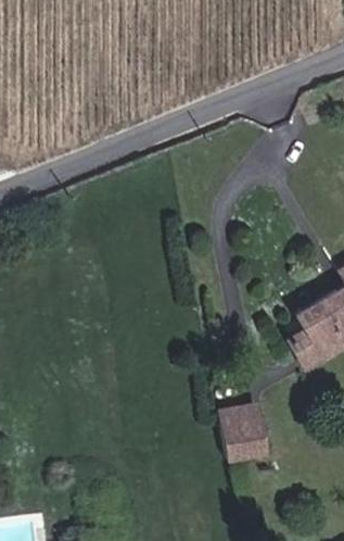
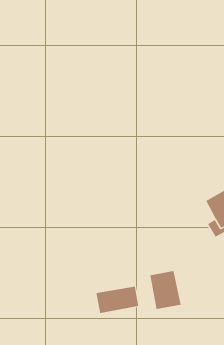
building: none -> [96,286,139,314]

